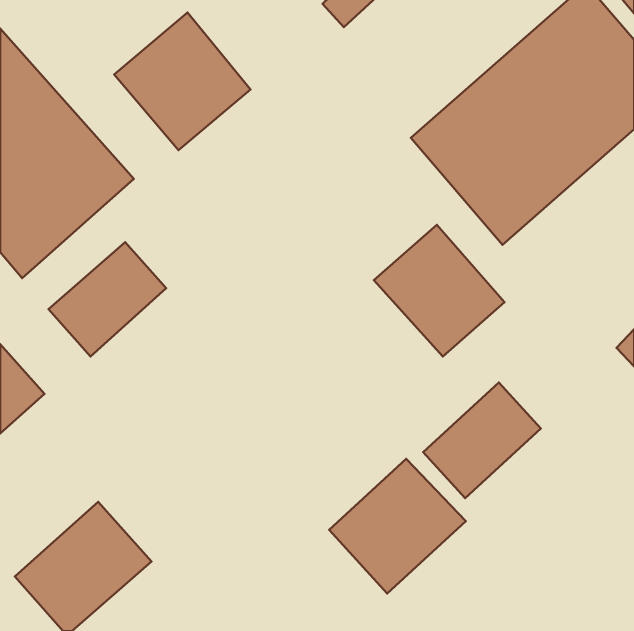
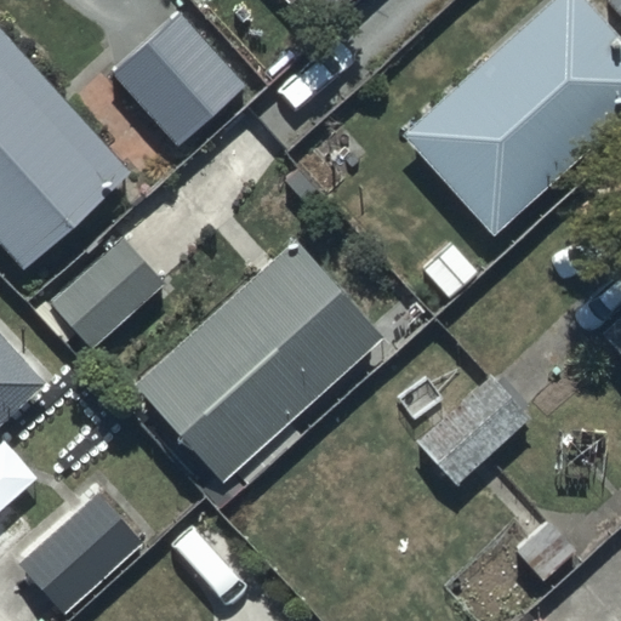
building: [374,225,504,357] -> none
building: none -> [133,240,382,483]
building: [329,459,466,594] -> none

